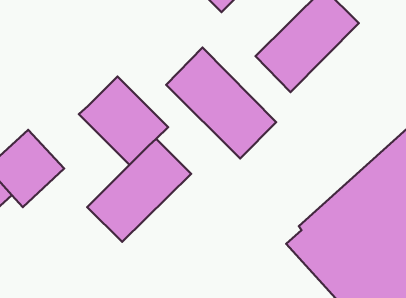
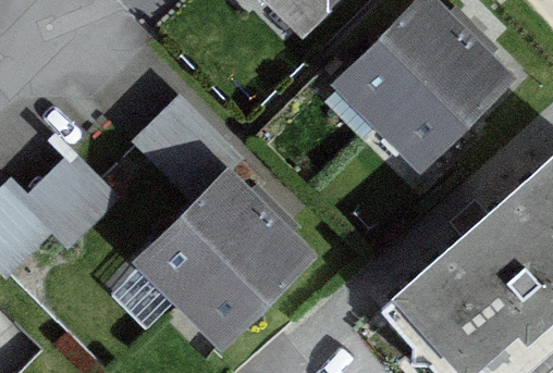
building: none -> [384,45,507,167]
building: [166,48,276,158] -> none
building: none -> [185,223,308,345]

